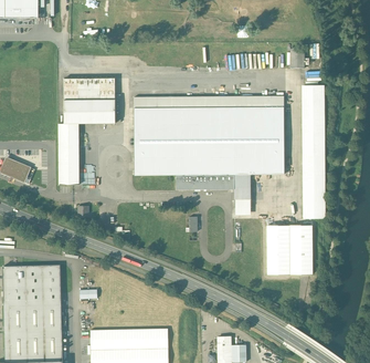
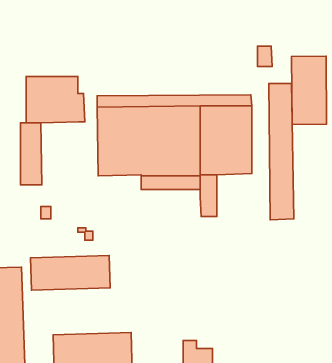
building: none -> [292,56,327,125]
building: [267,225,313,273] -> none
building: none -> [30,255,110,290]

